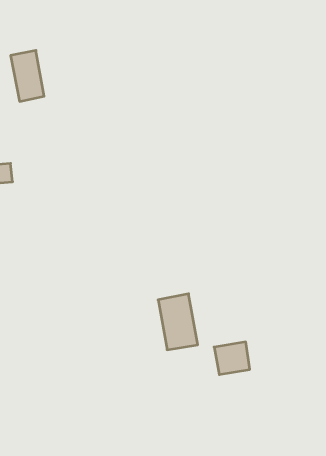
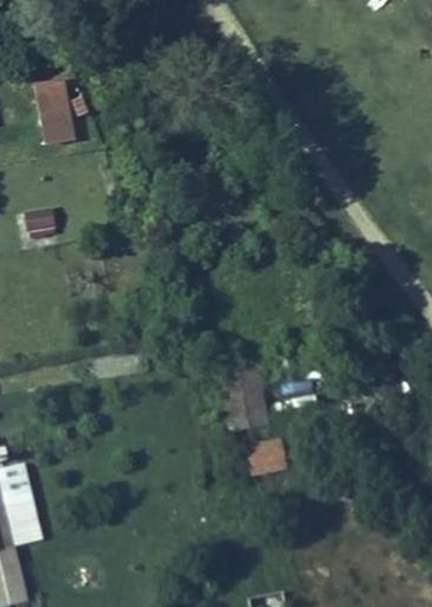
building: [214,342,250,375] -> [241,437,282,475]

